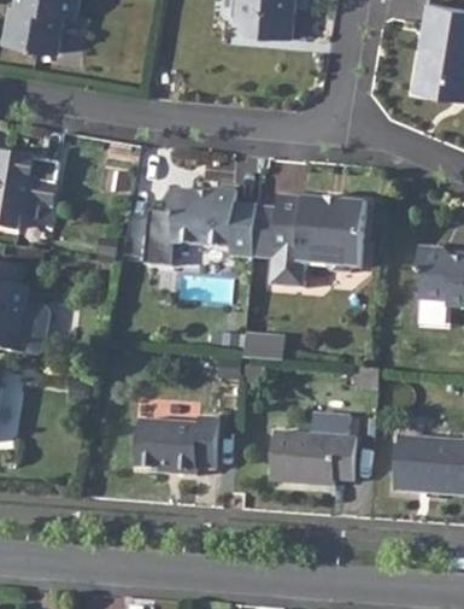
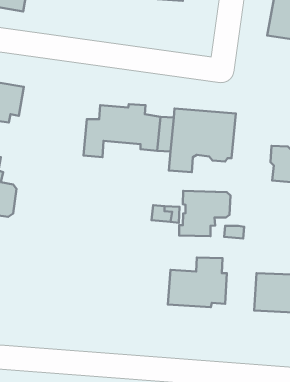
building: none -> [179,191,231,236]
building: [135,415,218,474] -> none

